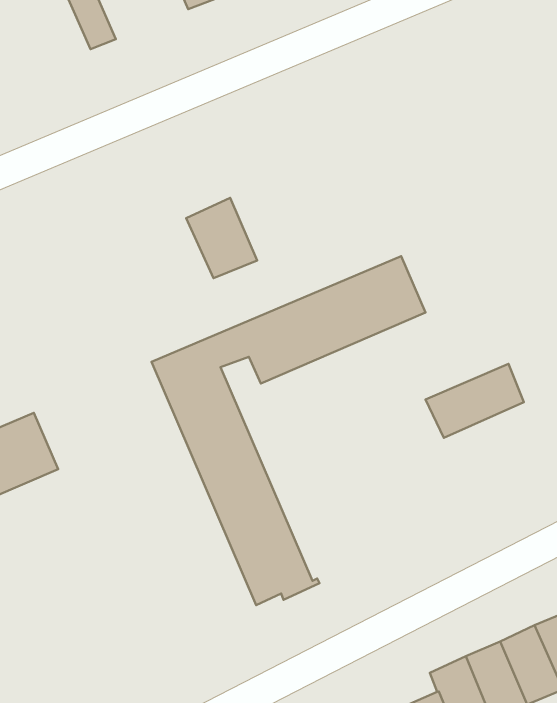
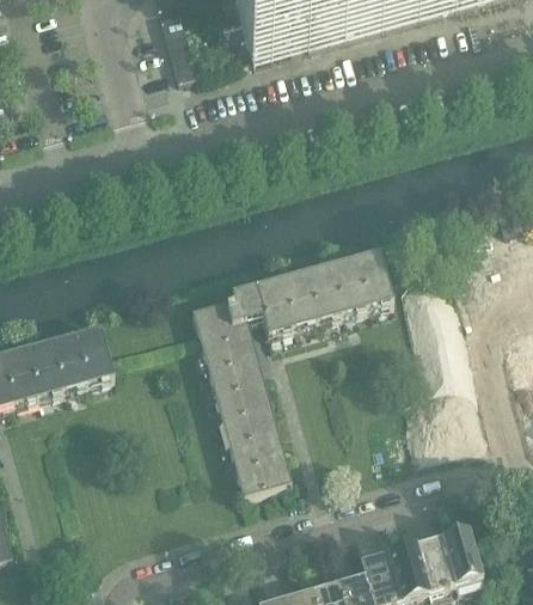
building: [186,198,257,278] -> none
building: [426,364,524,438] -> none

